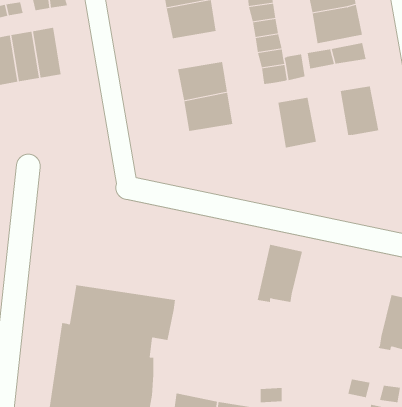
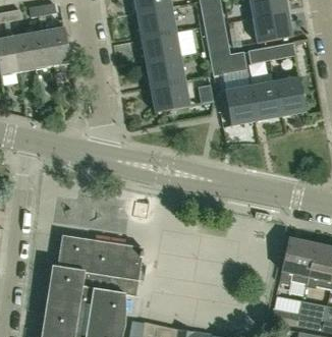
building: none -> [46,25,70,66]
building: none -> [141,32,181,62]
building: none -> [250,79,281,120]
building: [257,244,303,303] -> [279,236,316,283]

